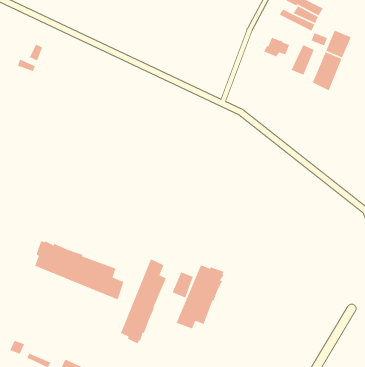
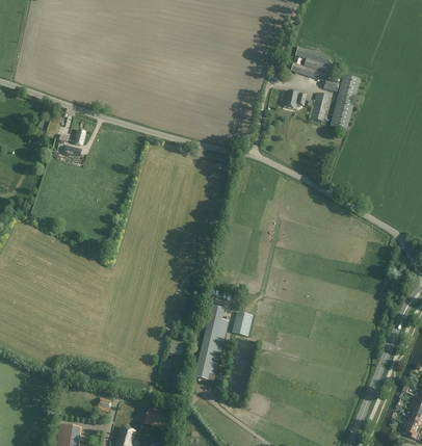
building: [34,240,125,300] -> none
building: [175,264,224,329] -> none

